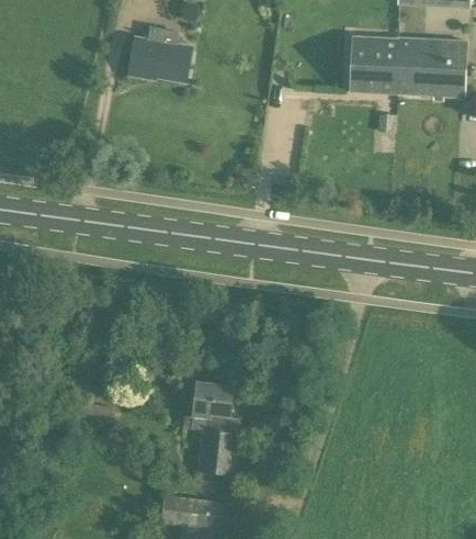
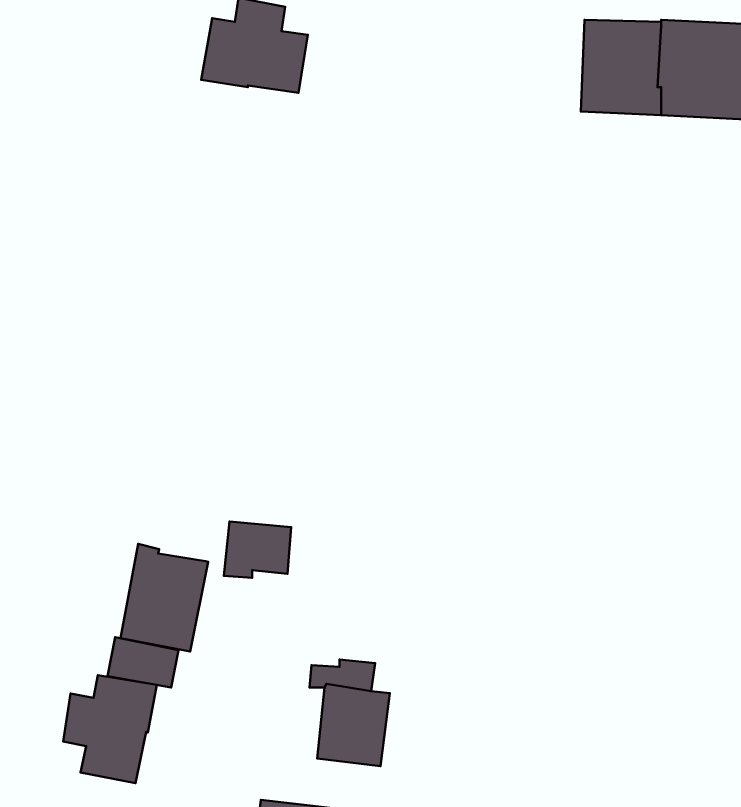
building: none -> [121,544,208,651]
building: [192,384,231,417] -> [224,522,291,578]
building: none -> [63,675,157,783]

